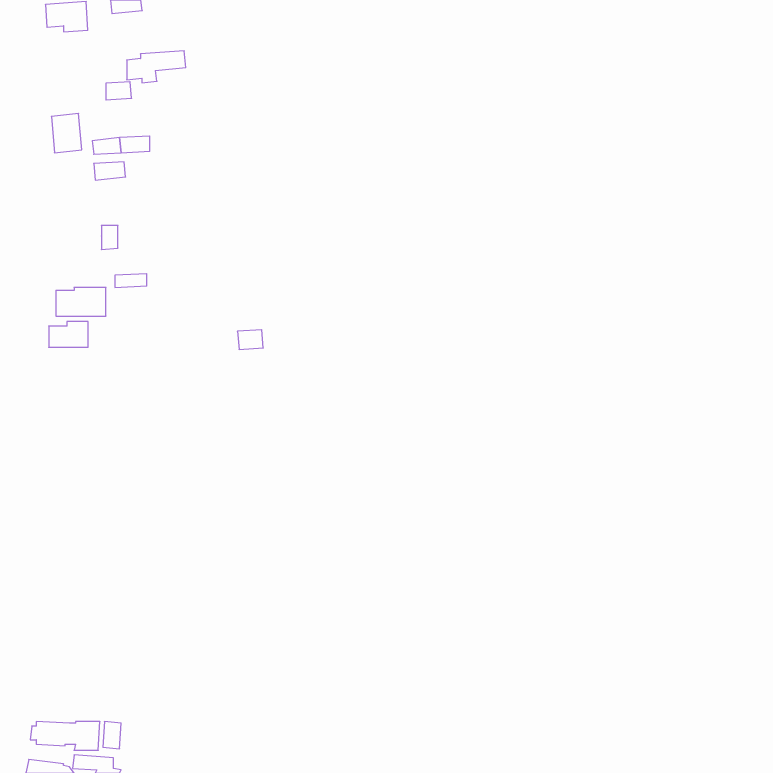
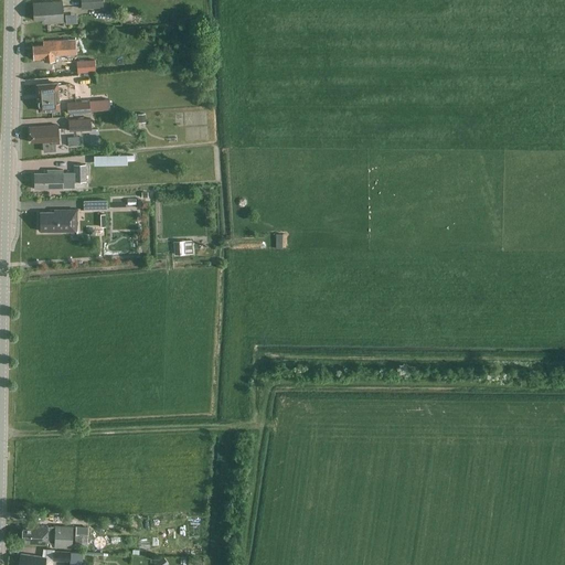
building: [127,51,186,83] -> [33,39,76,62]
building: none -> [30,125,60,145]
building: [49,322,88,347] -> [34,170,63,189]

